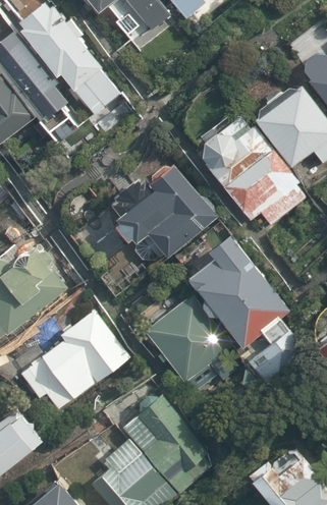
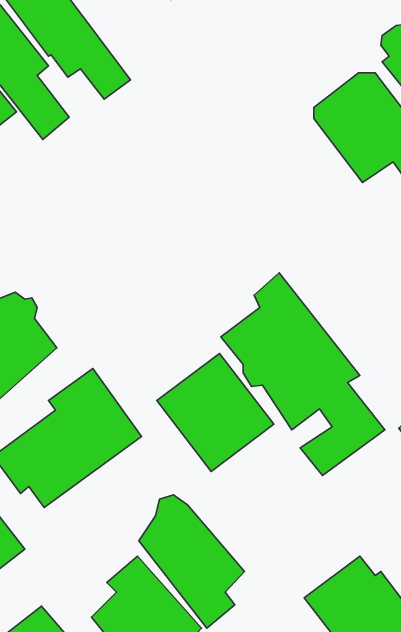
building: [203,117,304,225] -> none
building: [113,161,215,258] -> none

